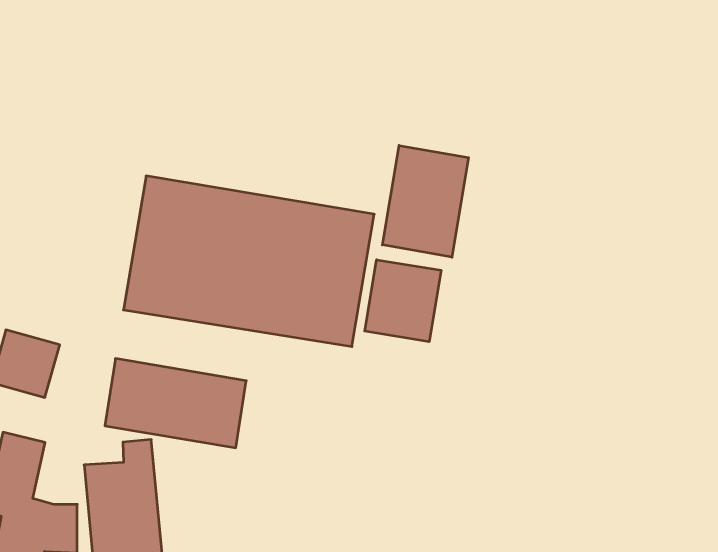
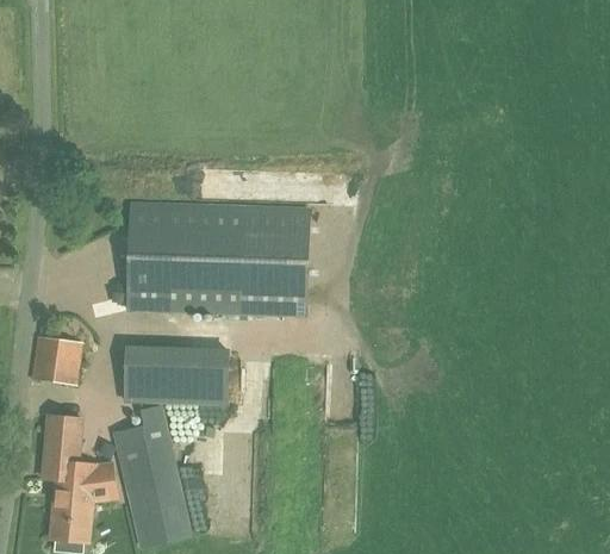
building: [382,145,469,257] -> none
building: [365,260,441,342] -> none

